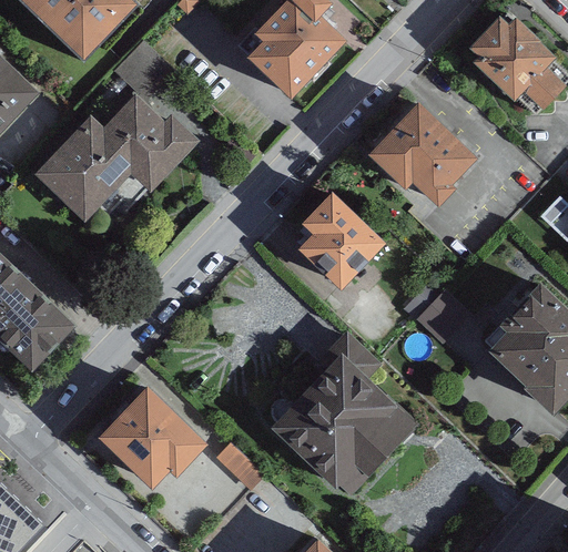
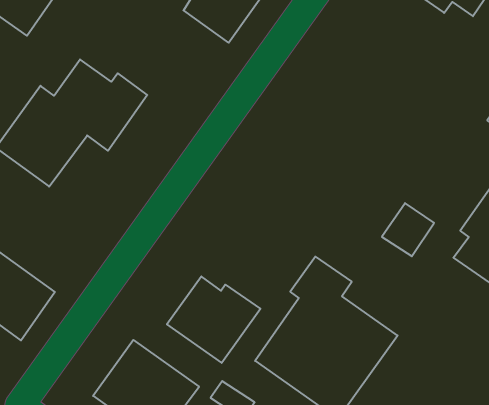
building: [367,103,477,208] -> none
building: [297,192,385,289] -> none
building: none -> [167,276,260,363]

